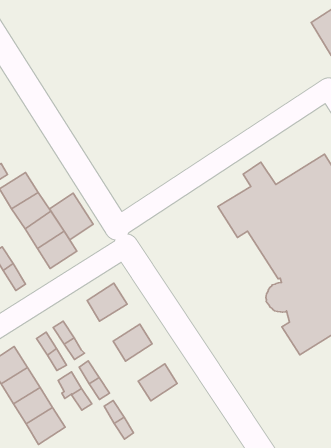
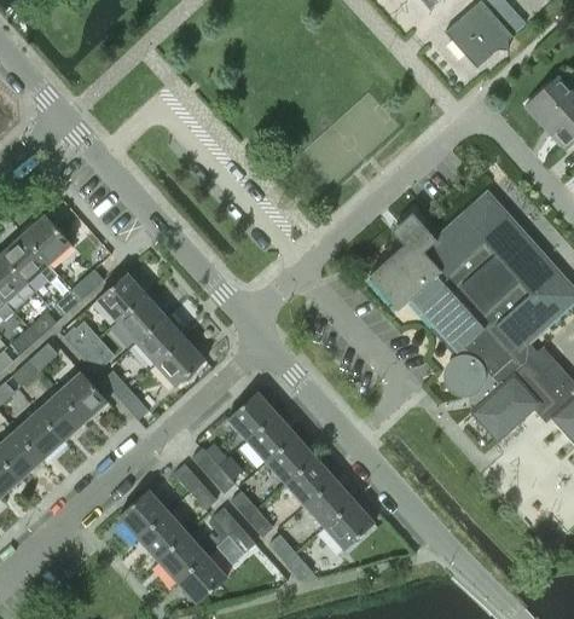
building: [50,193,93,240] -> none
building: none -> [247,413,296,462]
building: none -> [286,457,335,505]
building: none -> [325,501,375,549]

